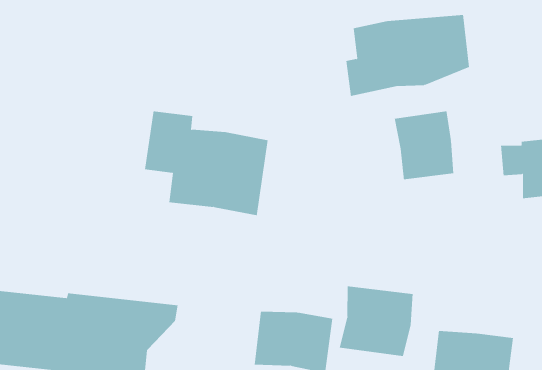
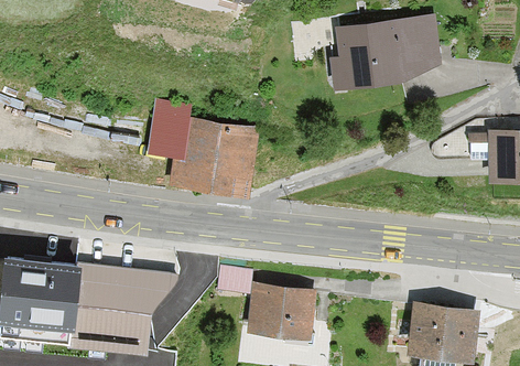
building: [394,110,454,180] -> none
building: [339,286,413,357] -> none

